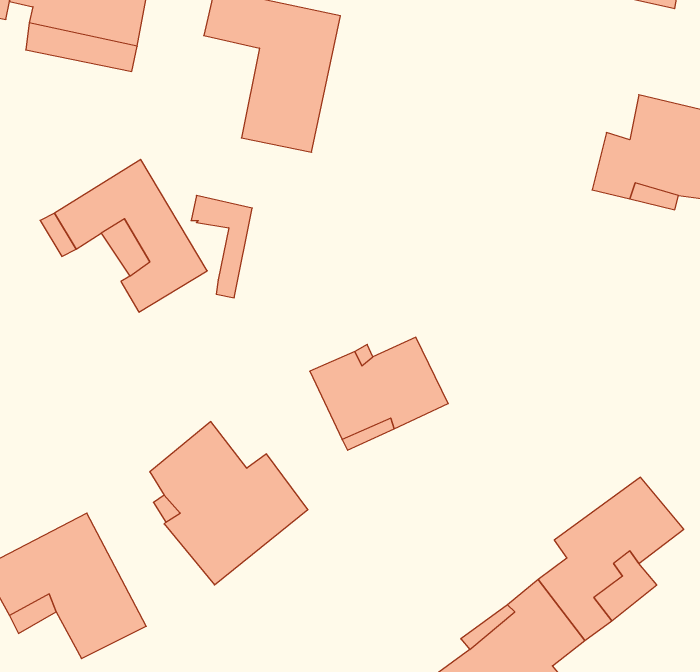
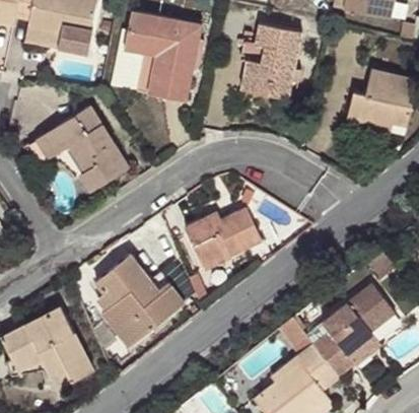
building: none -> [238,24,301,98]
building: [191,195,252,298] -> [122,36,156,93]

